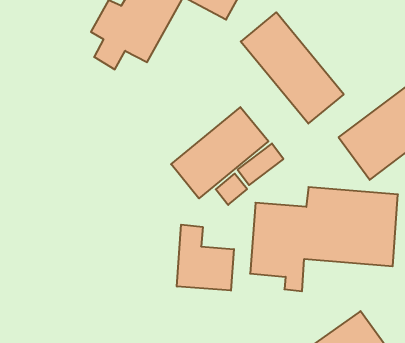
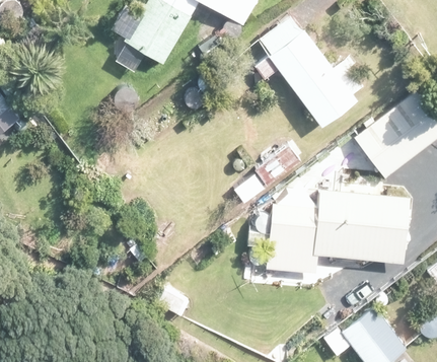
building: [171,107,268,198] -> none
building: [177,225,234,291] -> none

